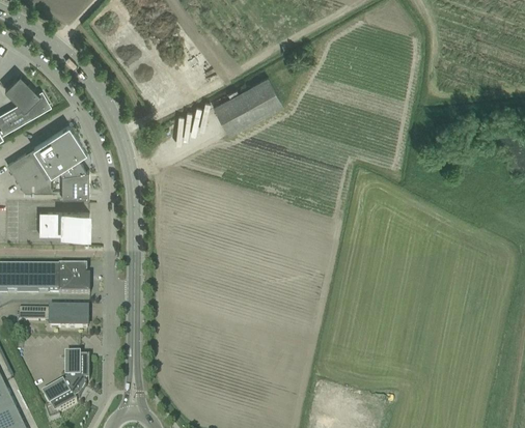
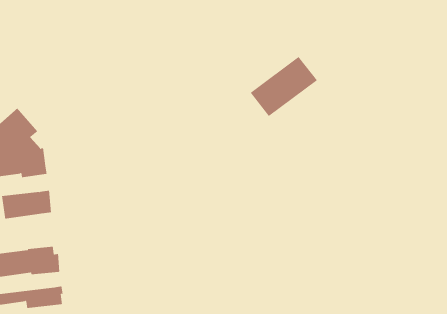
building: [213,75,283,132] -> [250,56,318,117]

